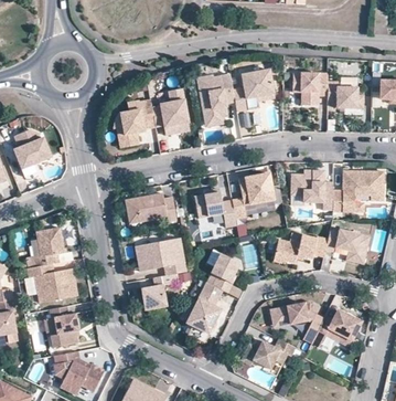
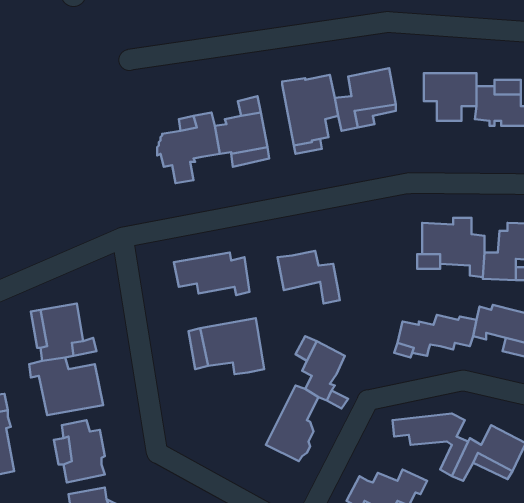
building: [13,129,51,169] -> none
building: [232,173,274,219] -> none
building: [141,274,176,309] -> none

